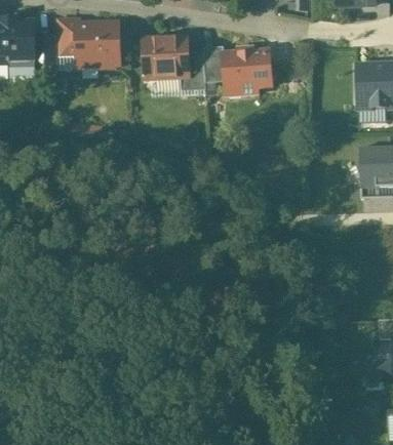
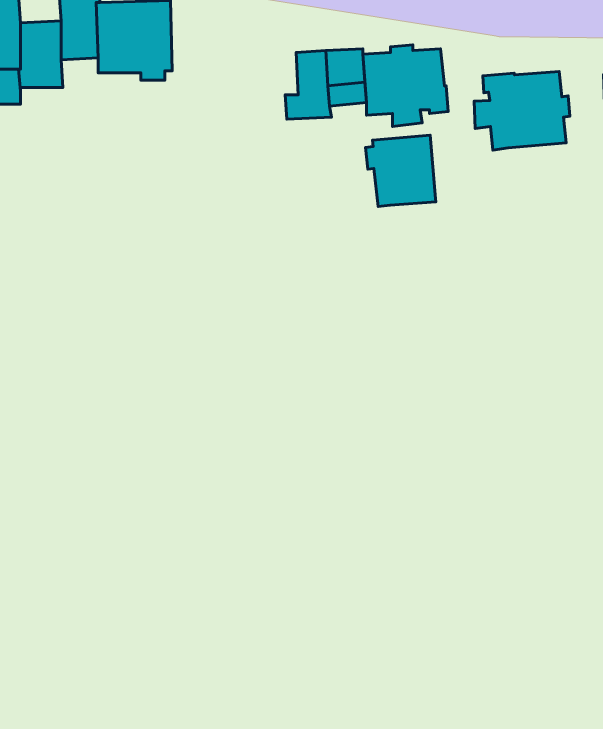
building: [143,36,188,78] -> none
building: none -> [474,72,570,150]
building: none -> [366,135,436,207]

